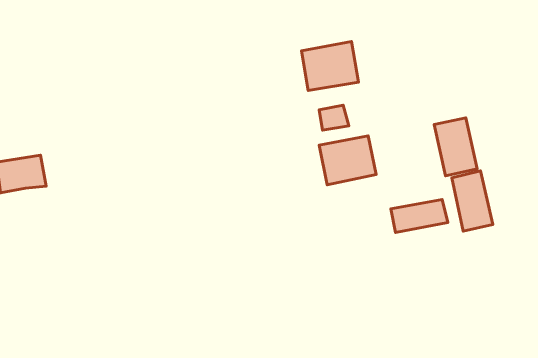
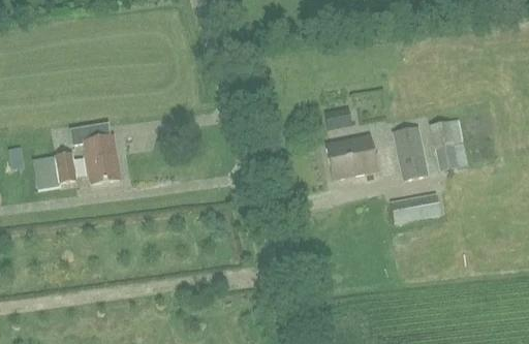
building: [301,41,358,90] -> none
building: none -> [70,125,119,183]
building: [452,171,493,231] -> [393,125,430,180]

